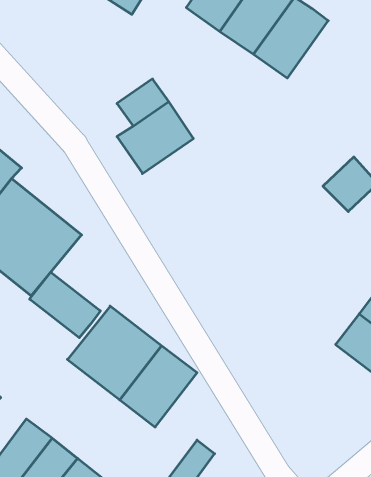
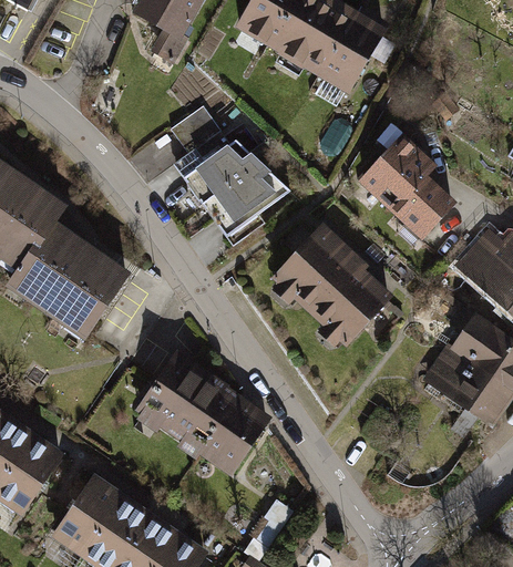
building: none -> [363,137,432,207]
building: none -> [199,165,279,240]
building: none -> [270,221,393,348]
building: [30,272,100,338] -> none

